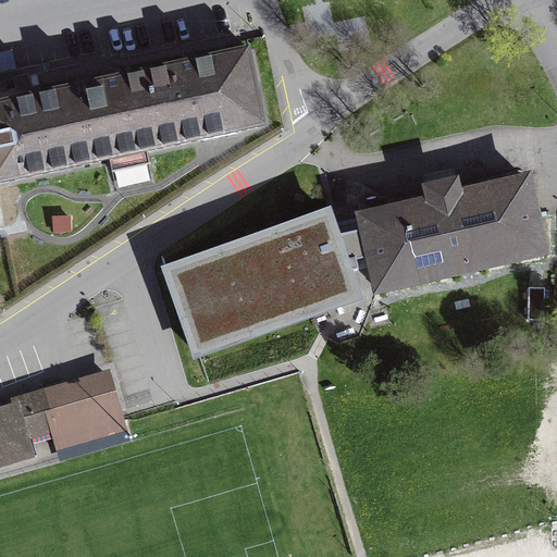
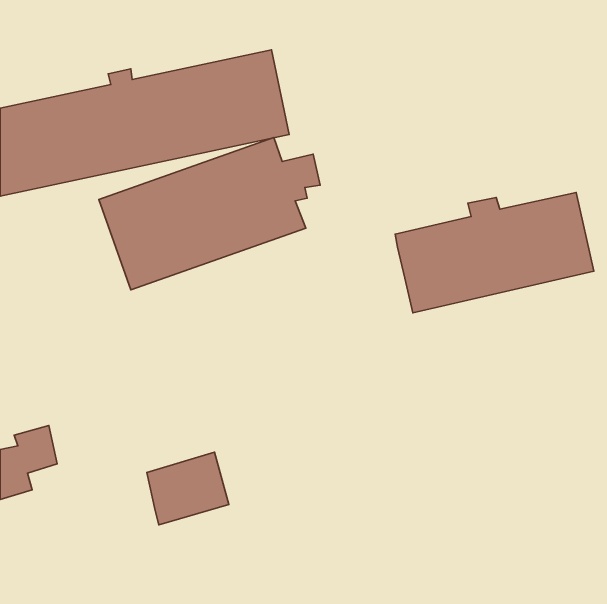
building: [169,211,371,350] -> [99,138,320,290]
building: [46,371,121,437] -> [147,452,229,525]

